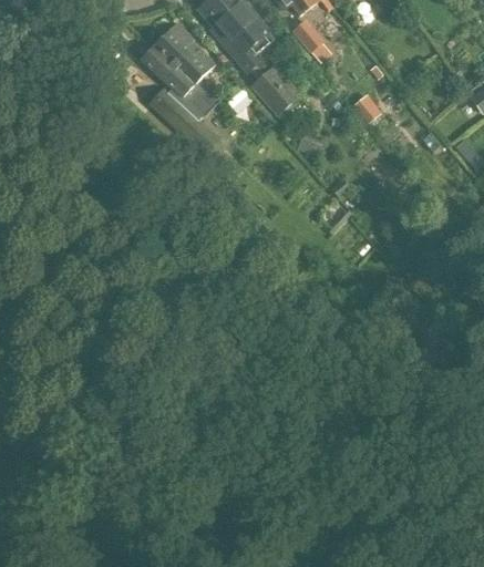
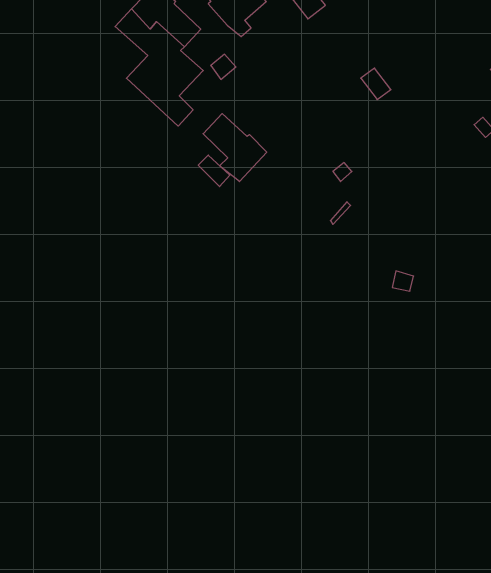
building: [253,69,297,114] -> none
building: none -> [203,114,267,182]

